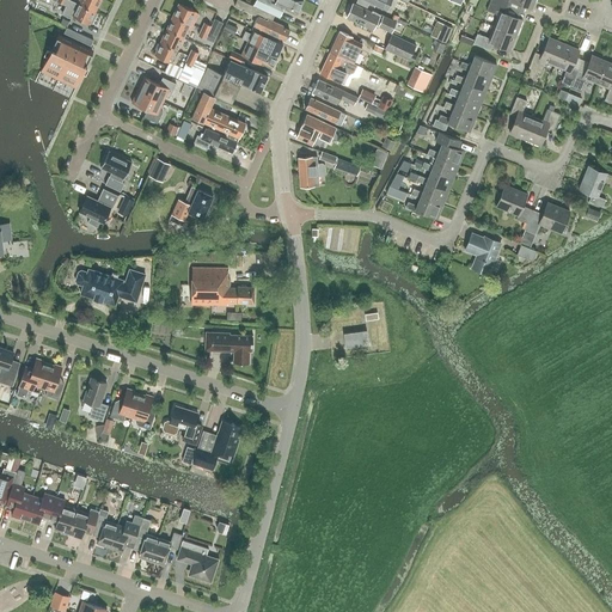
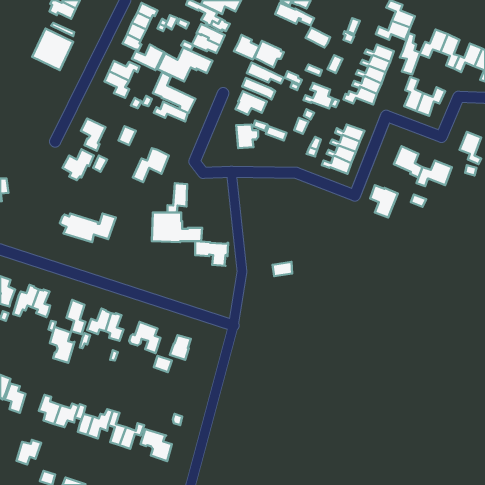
building: [330,31,362,62] -> [234,35,259,60]
building: none -> [400,33,420,75]
building: [427,133,464,165] -> [304,83,333,109]
building: none -> [167,183,187,213]
building: [212,332,253,363] -> [195,241,228,266]
building: none -> [50,327,74,363]
building: [25,494,56,525] -> [17,440,41,465]

